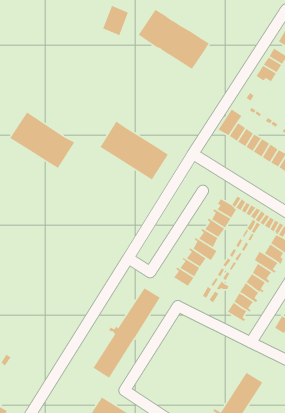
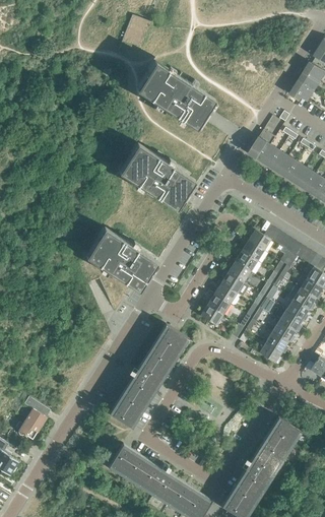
building: [138,9,210,70] -> [135,62,214,129]
building: [9,111,75,169] -> [84,228,156,290]
building: none -> [14,397,50,441]

